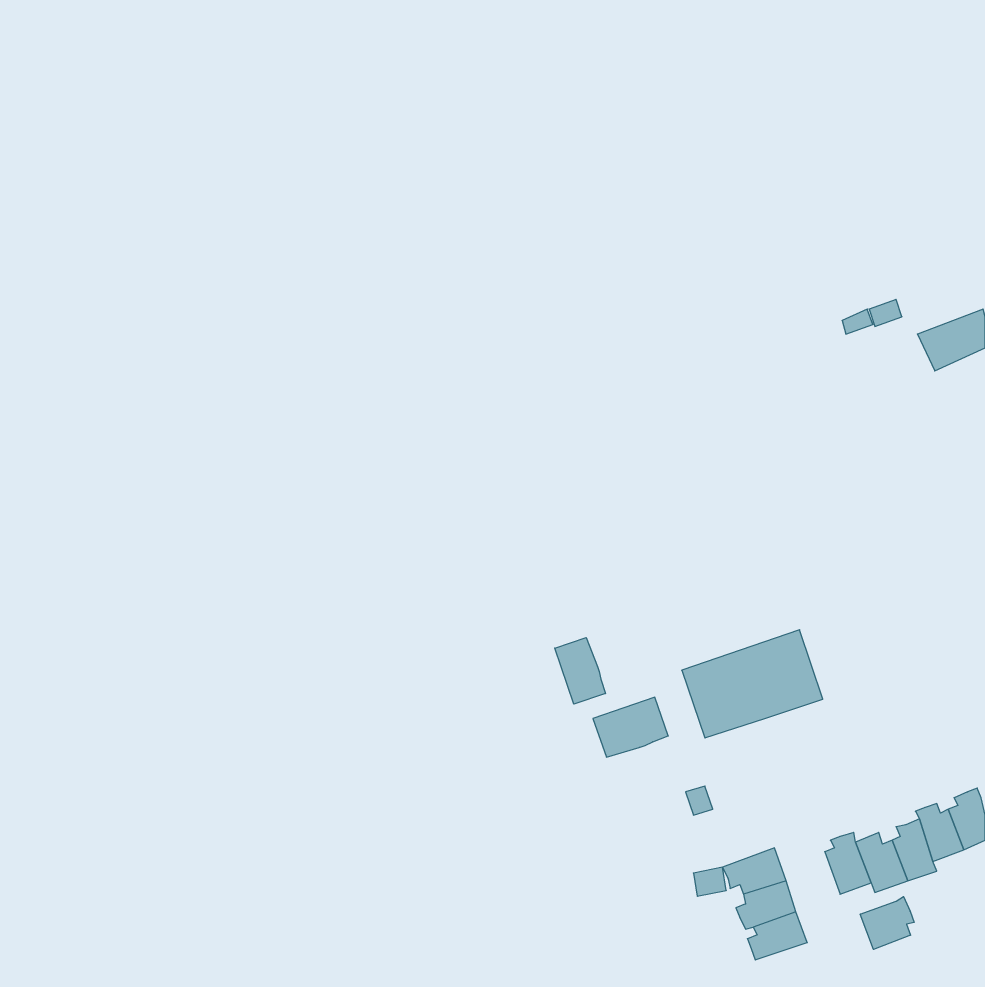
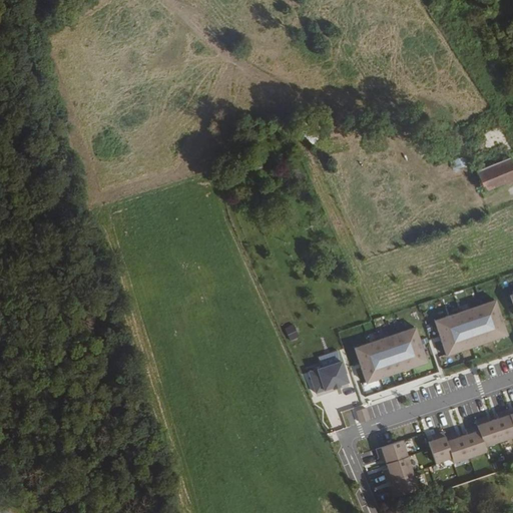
building: none -> [434,300,507,356]
building: [555,638,605,704] -> none
building: [860,897,914,949] -> none

